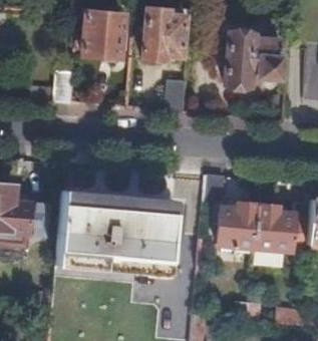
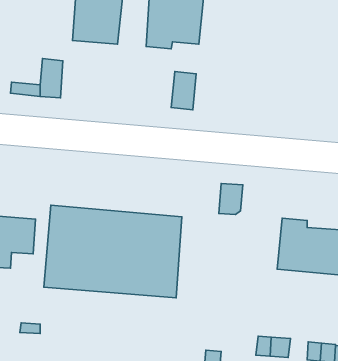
building: [225,33,290,85] -> none
building: [217,203,257,247] -> none

